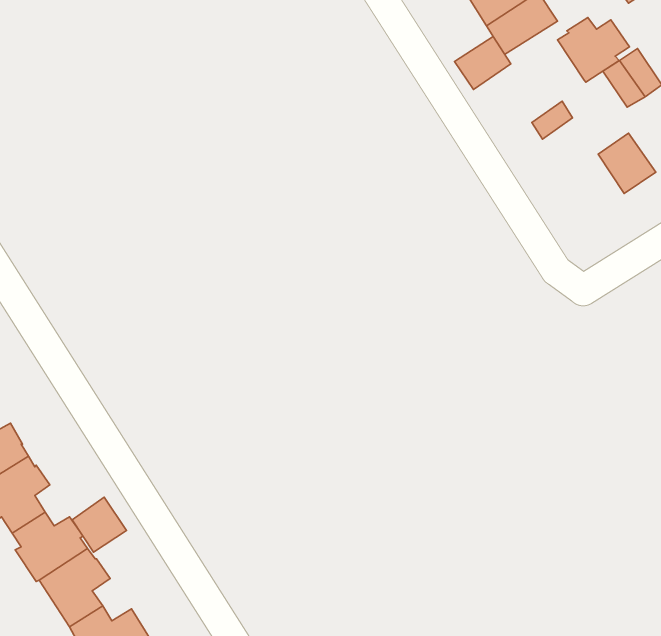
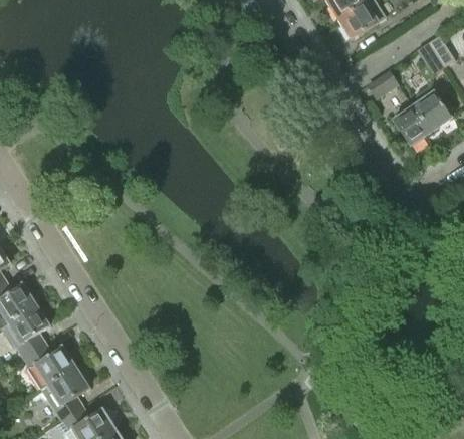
building: [557,17,630,82] -> none
building: [455,37,511,90] -> none
building: none -> [394,104,431,145]
building: [72,497,127,552] -> none

